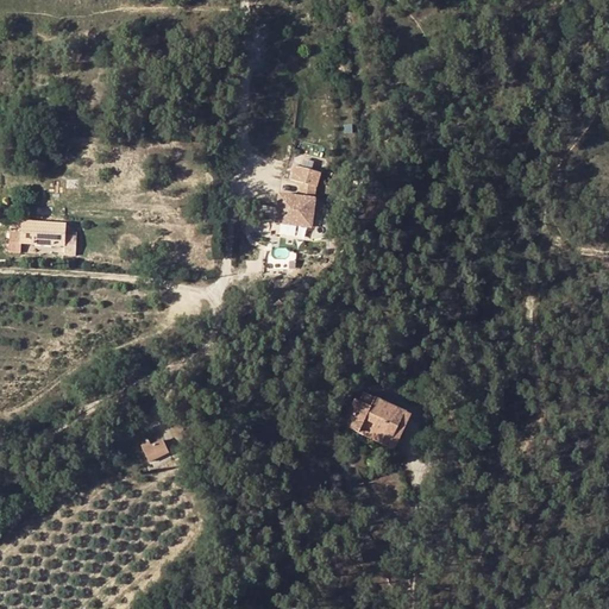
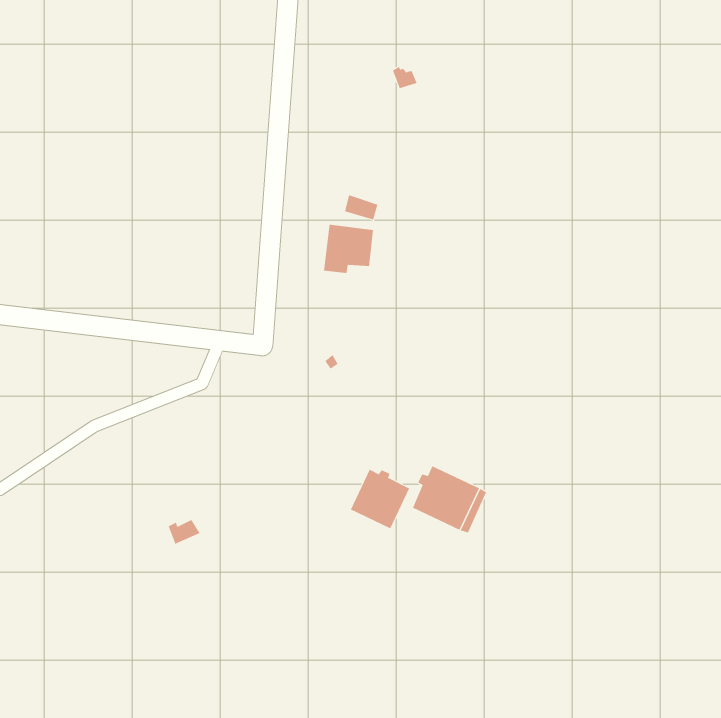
building: [8,220,76,253] -> none
building: none -> [350,469,410,529]

